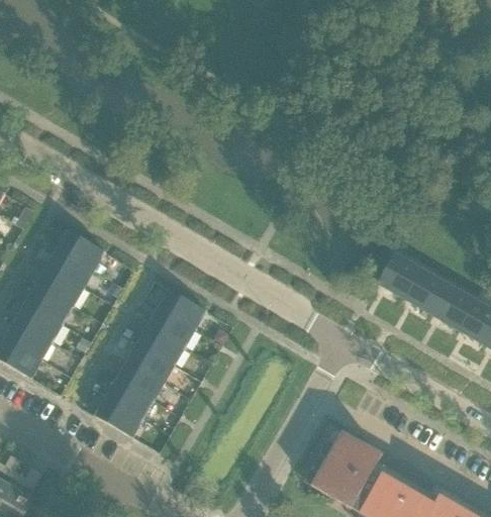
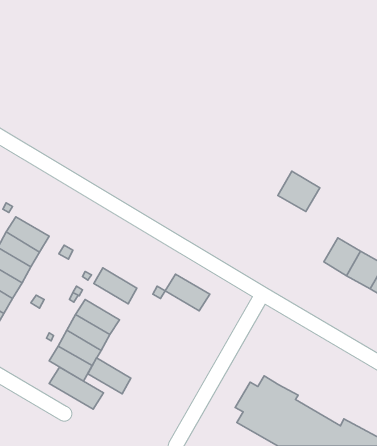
building: [55,230,104,272] -> none
building: [377,254,425,301] -> [278,171,320,211]
building: [155,289,206,331] -> [165,274,210,311]
building: [134,326,184,368] -> [88,358,131,394]
building: none -> [49,367,103,409]

